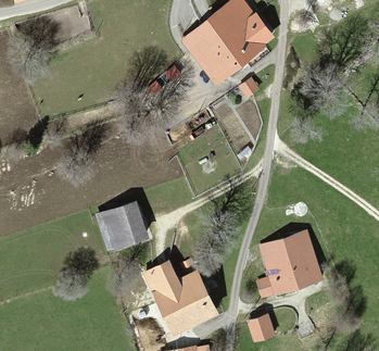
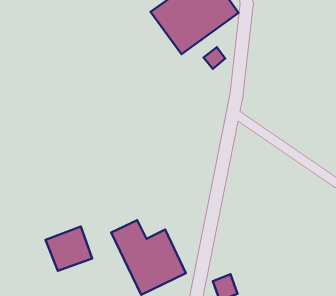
building: [97,203,146,250] -> [45,226,92,271]
building: [257,227,324,301] -> none

